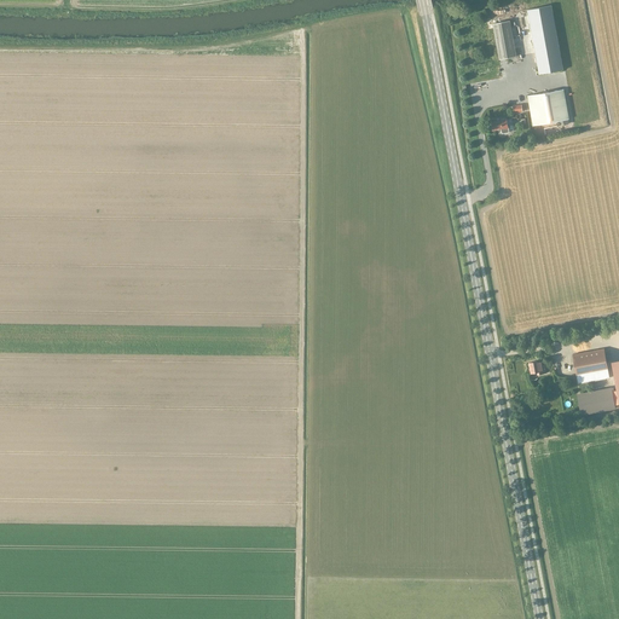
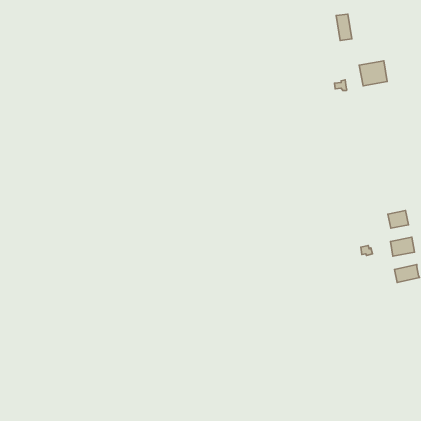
building: [527,6,563,74] -> none
building: none -> [388,211,408,228]

